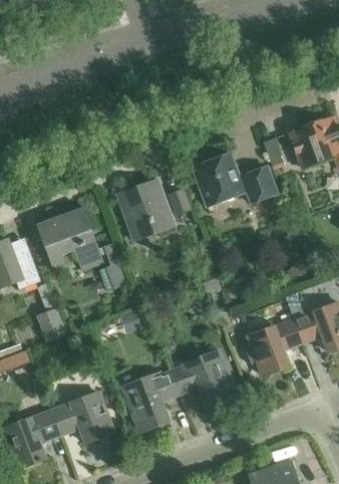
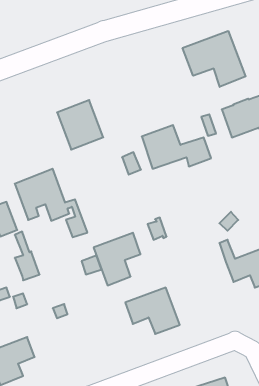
building: none -> [183,31,246,87]
building: [117,179,174,239] -> [57,100,103,150]
building: [249,319,303,376] -> none
building: [123,369,181,433] -> [94,233,141,285]
building: [52,393,115,443] -> none

